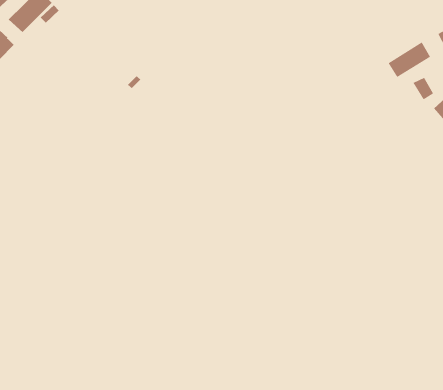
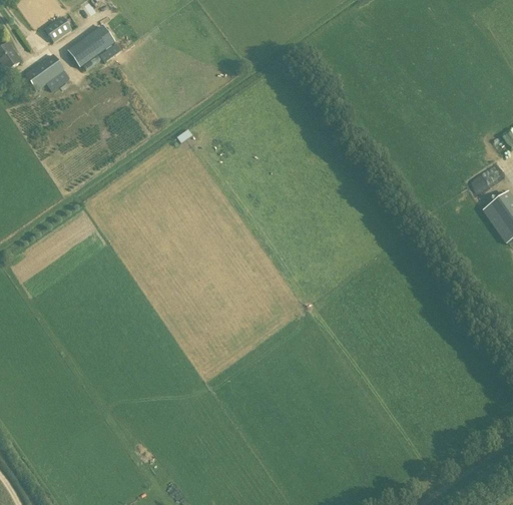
building: [388,41,431,78] -> none

